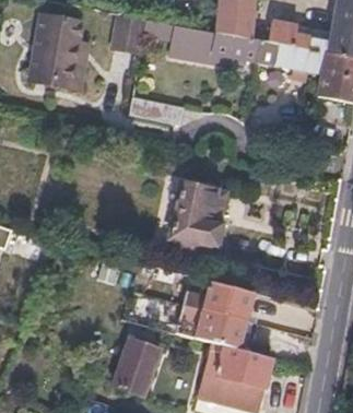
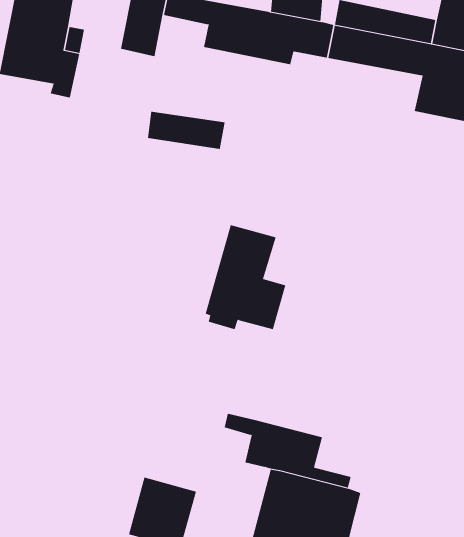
building: [201,282,283,322] -> none

